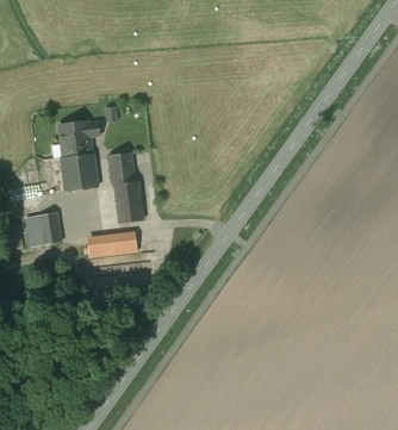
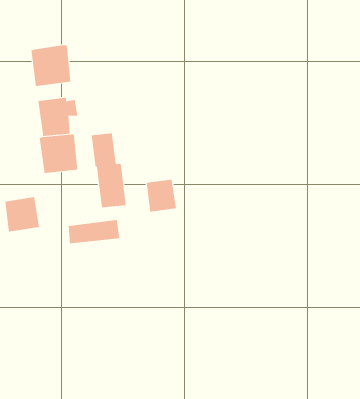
building: none -> [31,45,71,87]
building: none -> [146,179,177,212]

